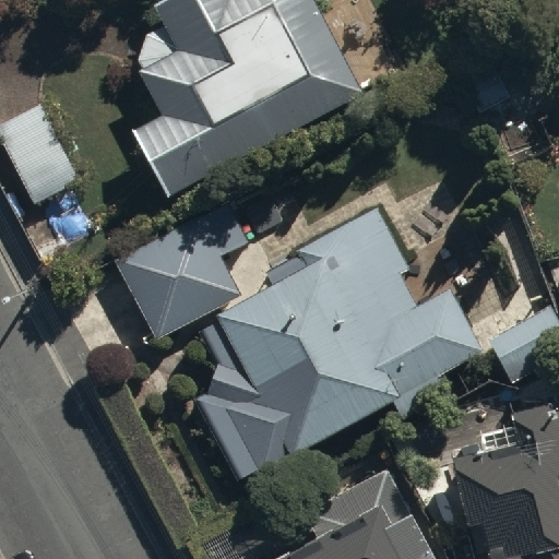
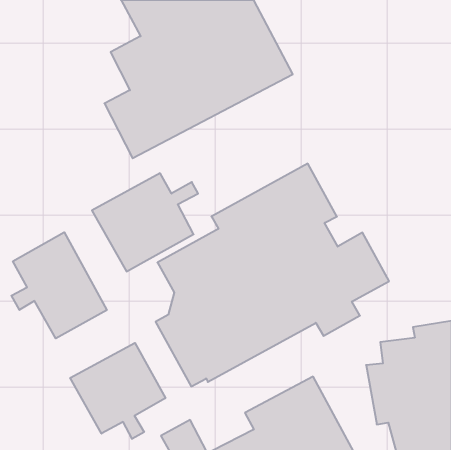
building: none -> [11,232,107,338]
building: none -> [70,343,165,439]

